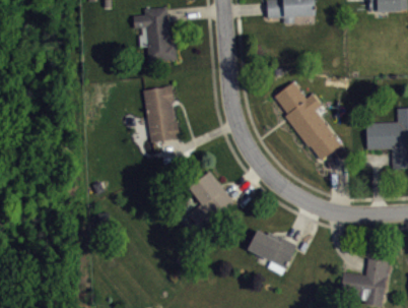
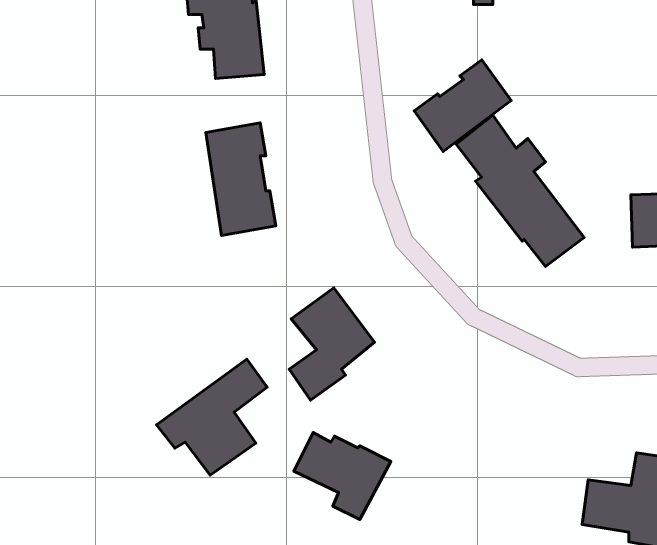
building: none -> [414,60,511,152]
building: none -> [157,359,267,475]
building: [247,229,297,274] -> [294,432,391,520]

